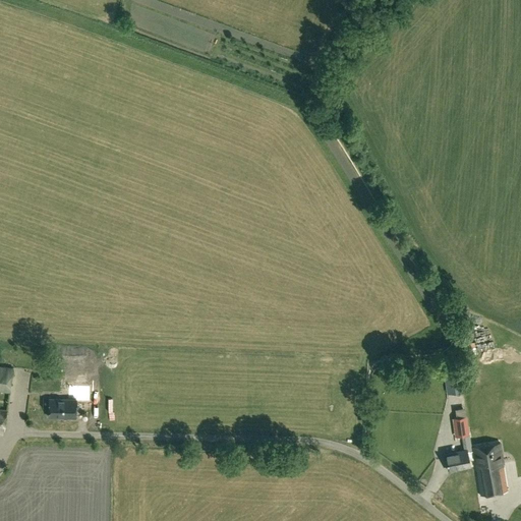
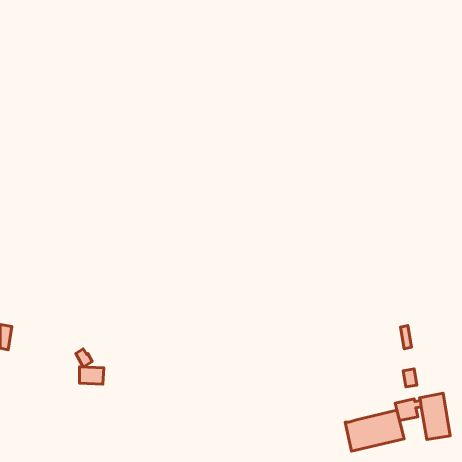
building: [49,399,76,418] -> [79,367,104,384]
building: none -> [345,410,404,451]

